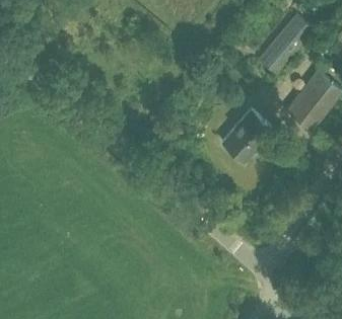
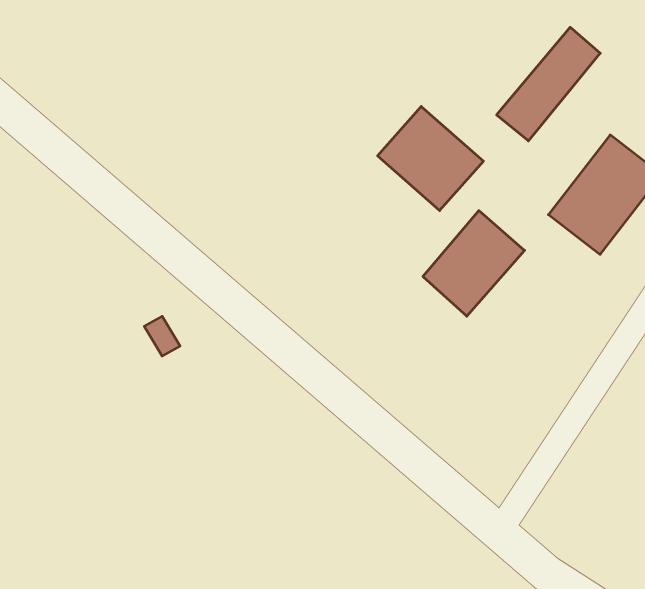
building: none -> [378,106,483,211]

